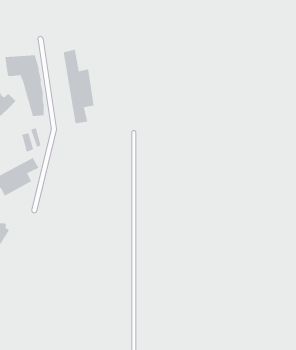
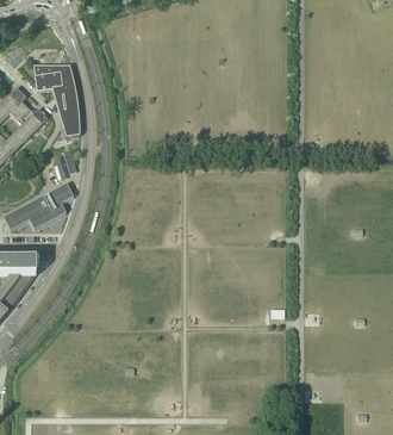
building: [63,49,94,124] -> none

